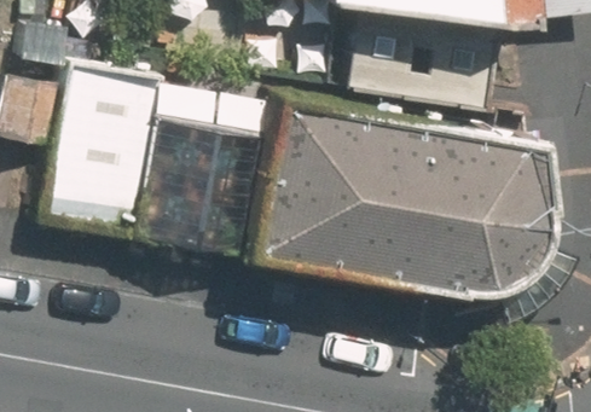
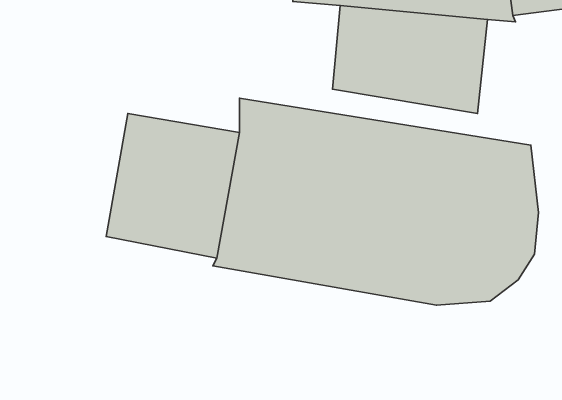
building: [47,57,168,226] -> none

